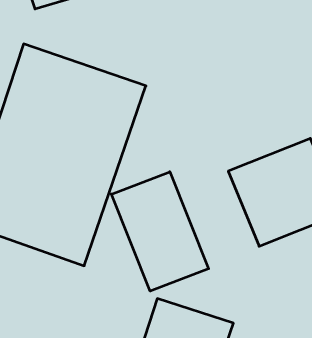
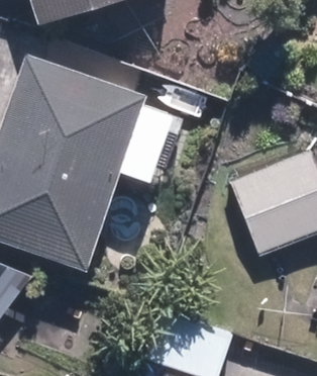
building: [111,172,209,291] -> none

